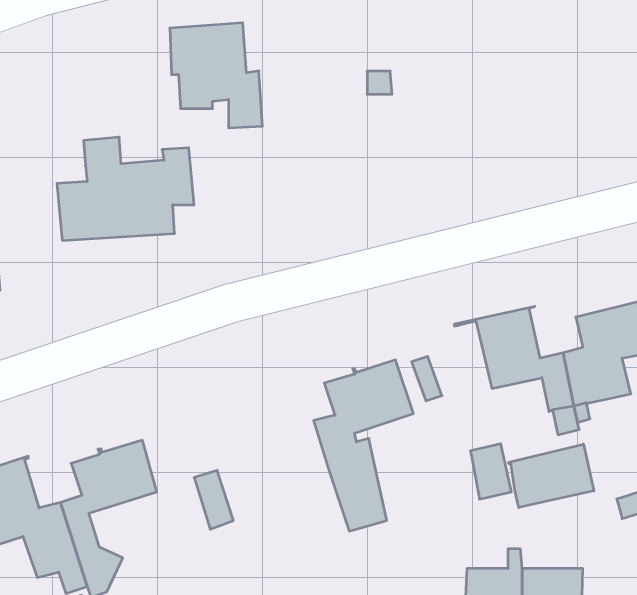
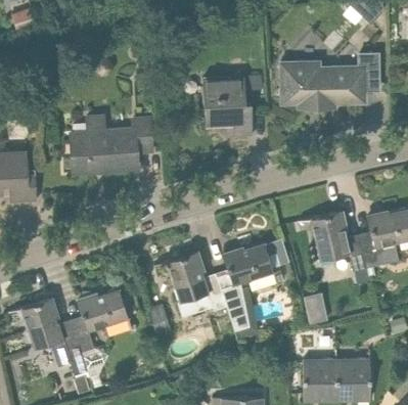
building: [170,23,262,128] -> [199,77,253,137]
building: none -> [281,55,377,106]
building: none -> [154,251,226,317]
building: [509,444,594,508] -> none

